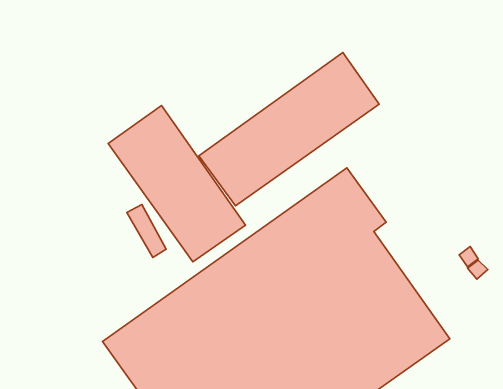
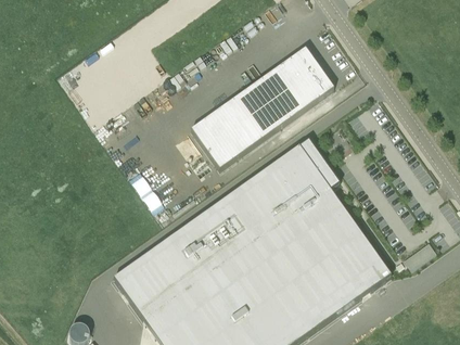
building: [108,106,246,262] -> none

